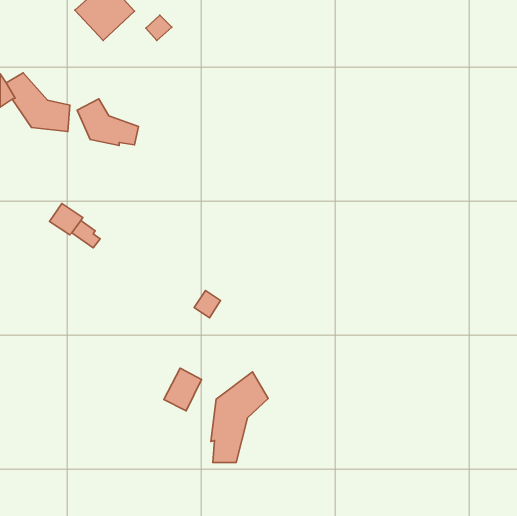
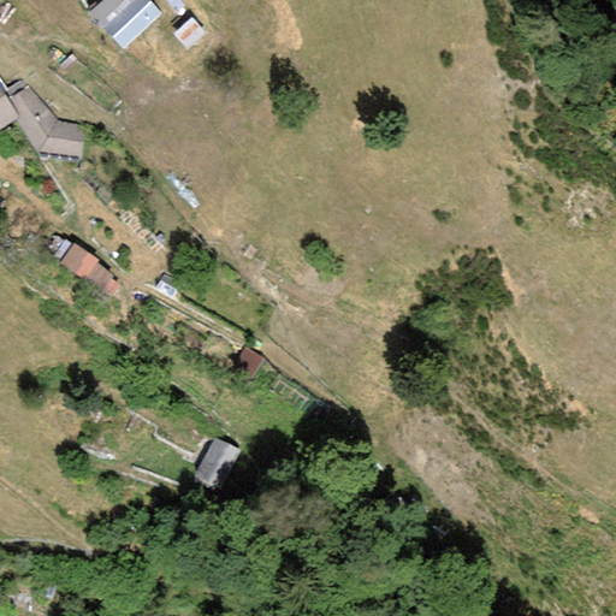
building: [77,99,138,146] -> none
building: [211,372,268,463] -> none

